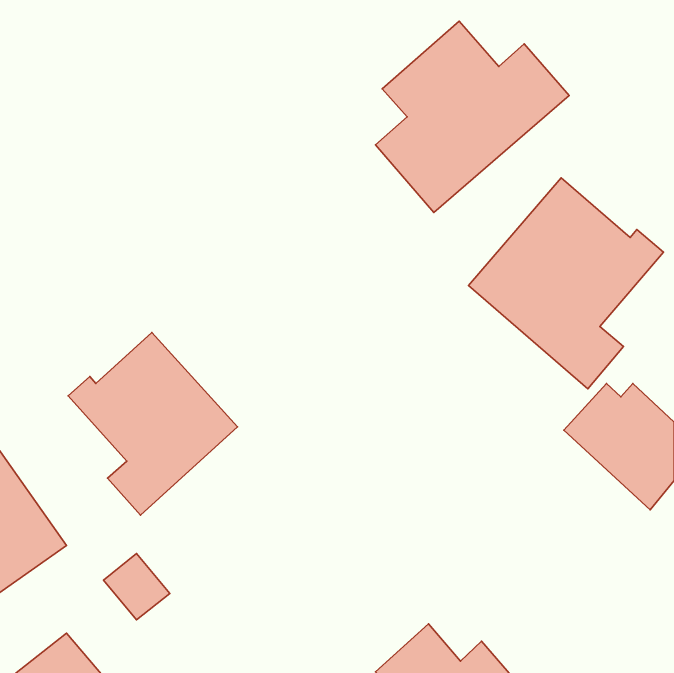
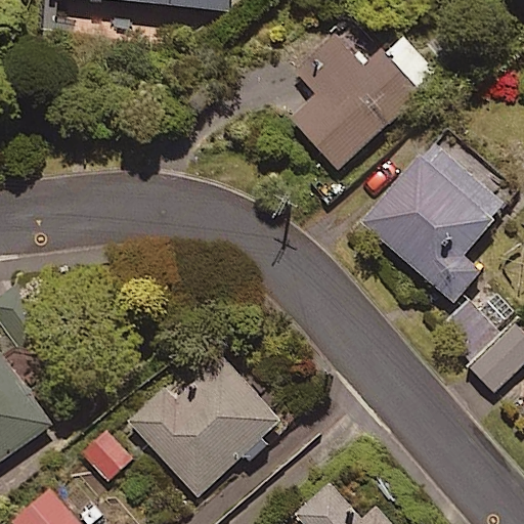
building: [68,333,238,515] -> none
building: none -> [127,354,281,498]

